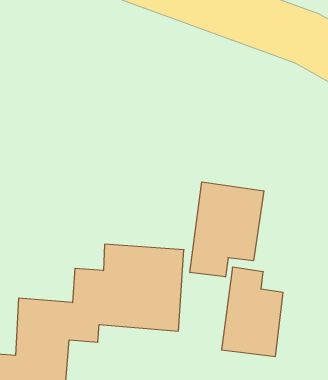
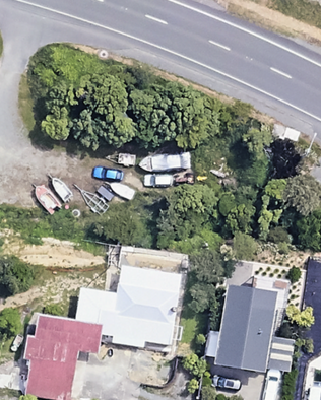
building: [190,182,264,277] -> none

